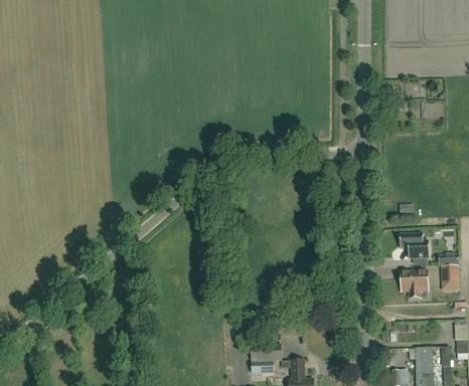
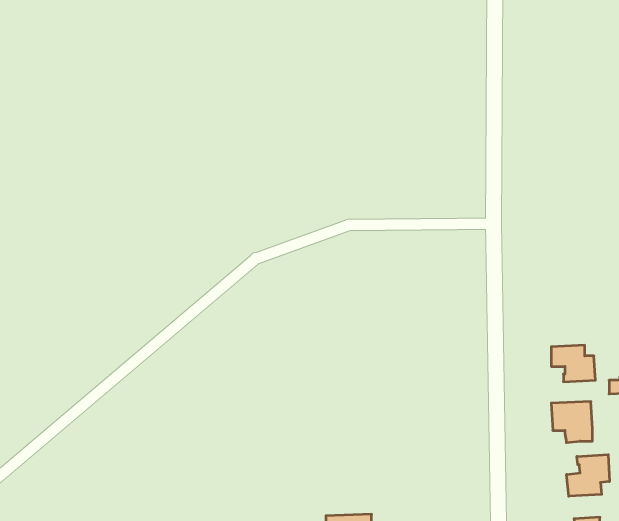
building: none -> [567,455,609,496]

